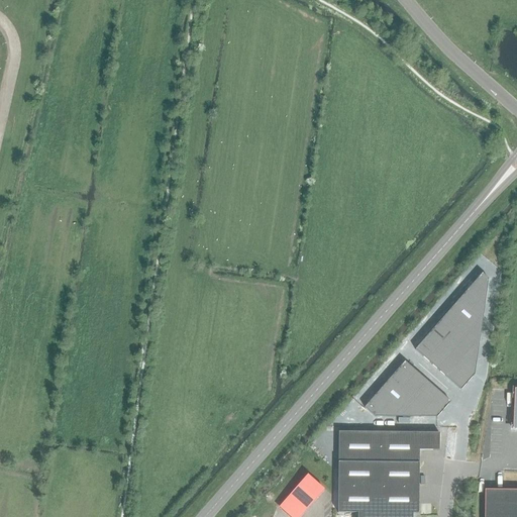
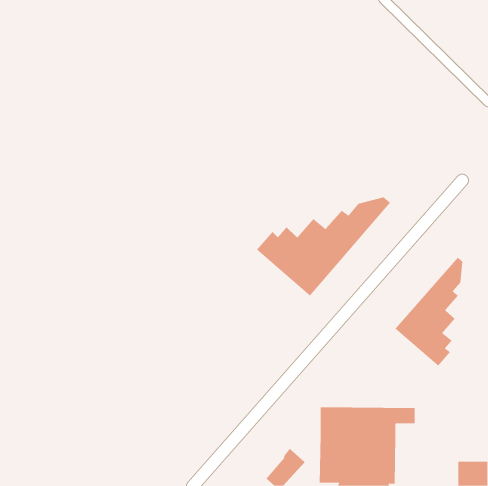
building: none -> [256,196,391,297]
building: [366,360,452,416] -> none

